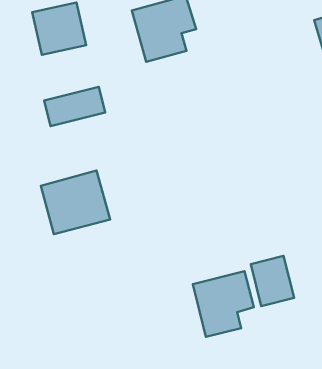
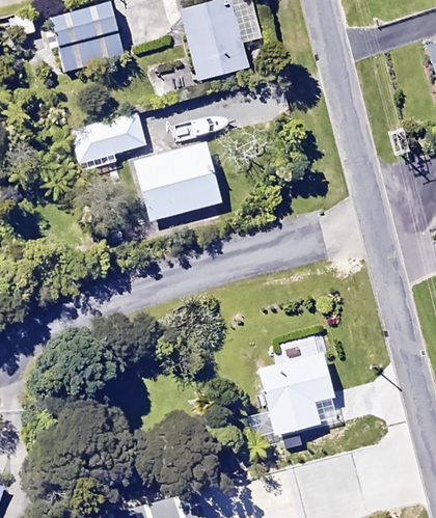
building: [41,171,110,234] -> [137,140,226,222]
building: [251,256,294,306] -> none

